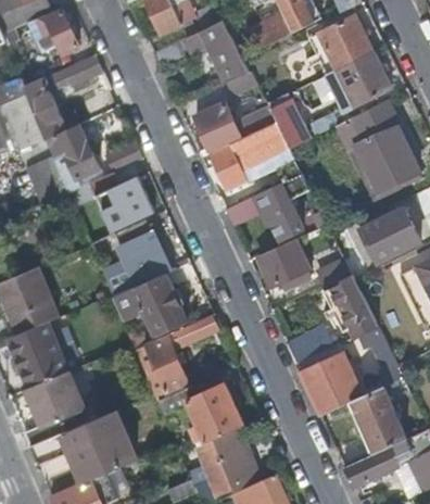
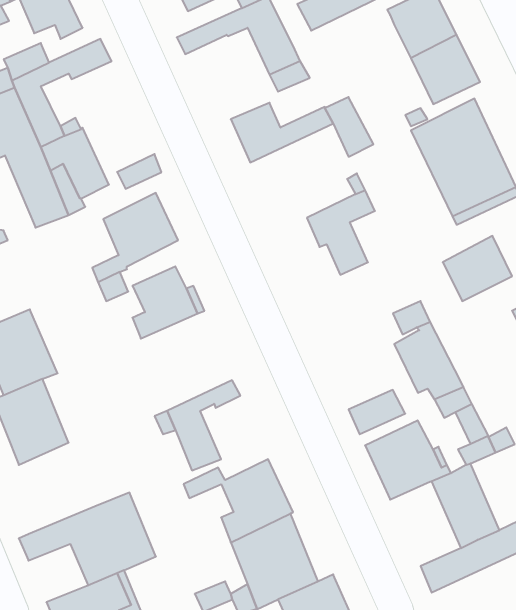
building: [210,121,279,190] -> none
building: [256,240,308,286] -> none
building: [113,274,186,335] -> none
building: [27,370,88,442] -> none

